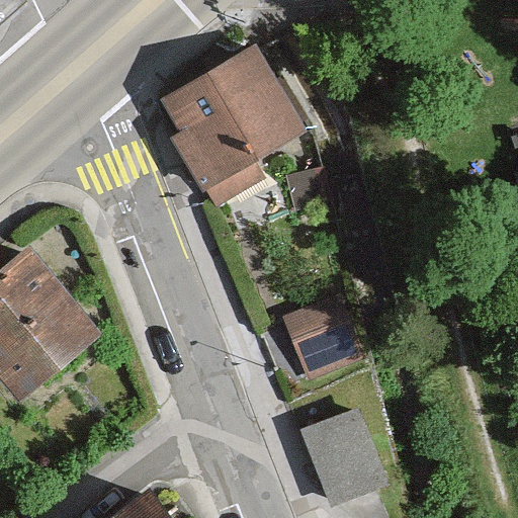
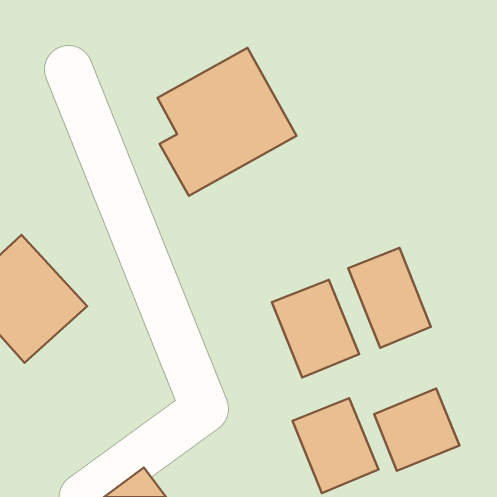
building: none -> [348,248,431,348]
building: none -> [374,388,459,471]

